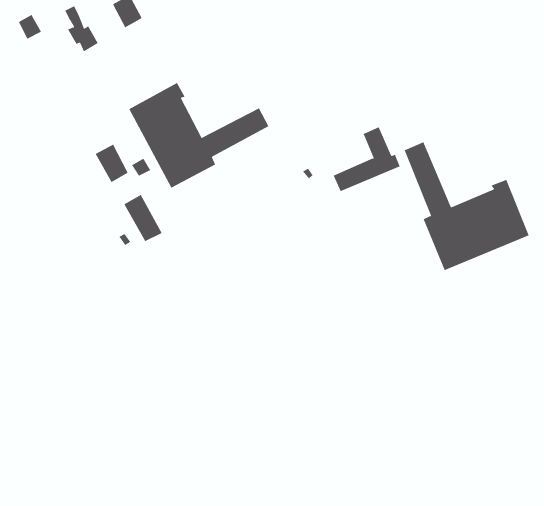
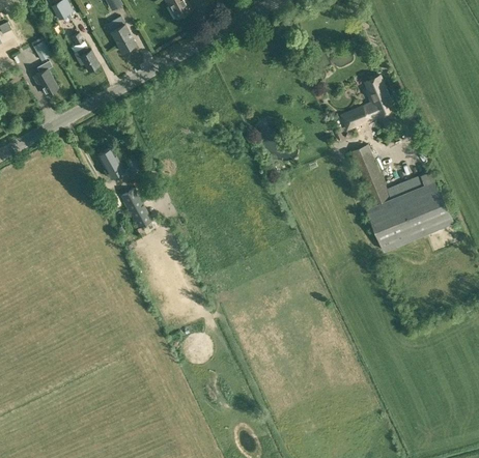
building: none -> [32,59,57,93]
building: [129,82,269,189] -> none
building: [333,126,401,192] -> [340,76,396,130]

